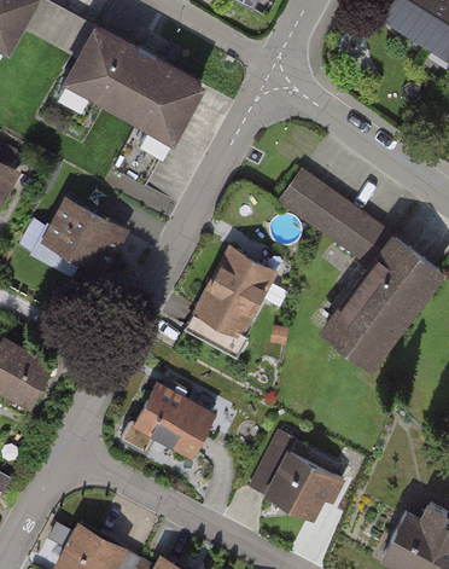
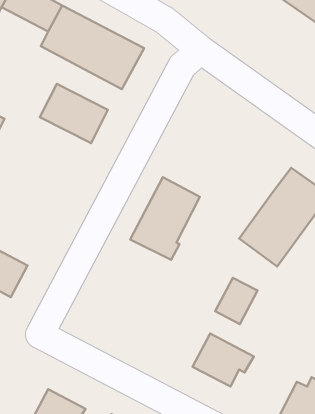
building: [280,172,393,268] -> none
building: [39,197,127,274] -> [40,84,108,143]
building: none -> [215,278,257,324]
building: [136,385,215,454] -> none

